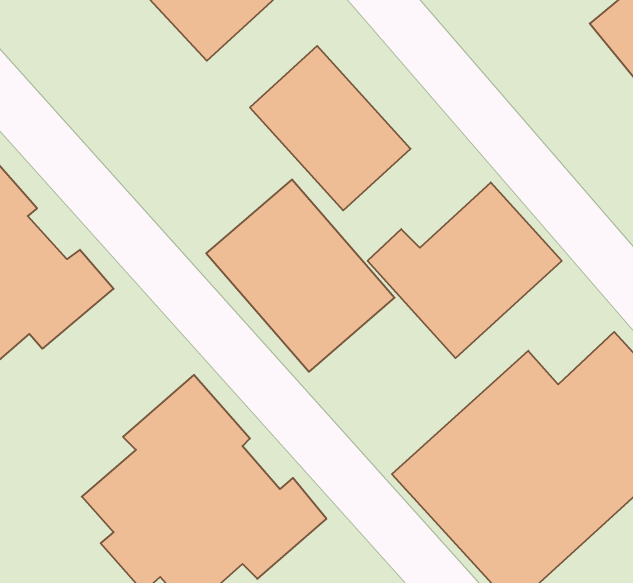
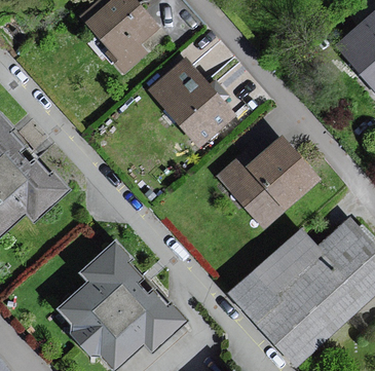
building: [206,179,395,372] -> none

